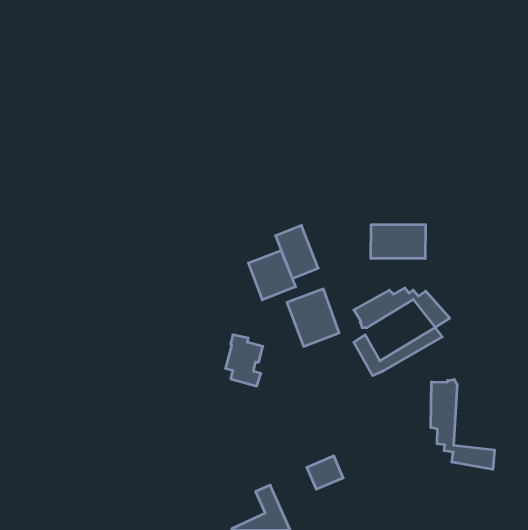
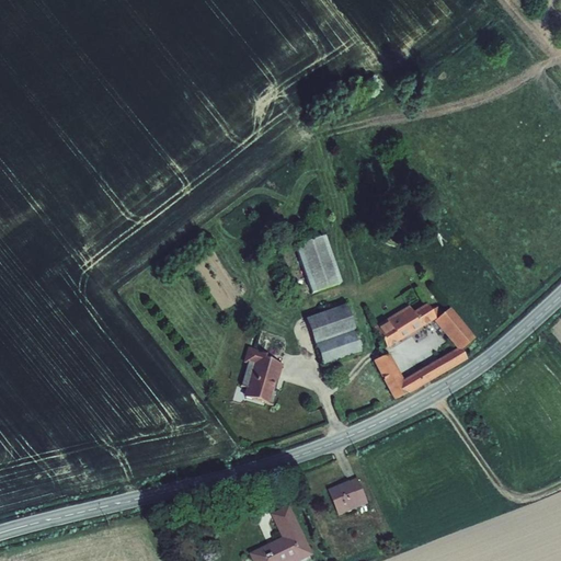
building: [371,225,426,259] -> none
building: [248,251,296,300] -> none
building: [431,379,495,469] -> none

